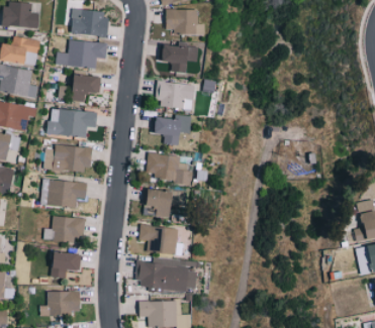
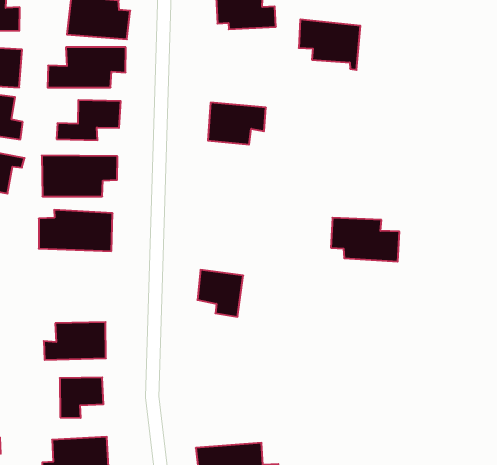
building: [164,43,204,78] -> [299,19,360,70]
building: [156,115,192,145] -> none
building: [147,153,191,184] -> [331,218,399,262]
building: [40,179,88,207] -> none
building: [140,226,178,254] -> none
building: [134,257,199,293] -> none

